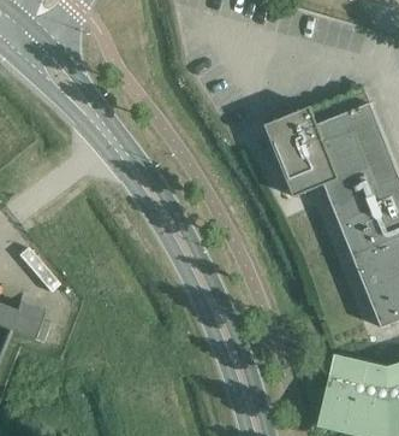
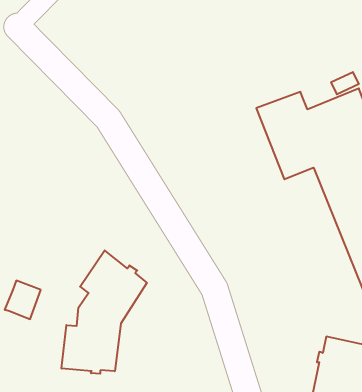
building: none -> [62,250,147,374]

